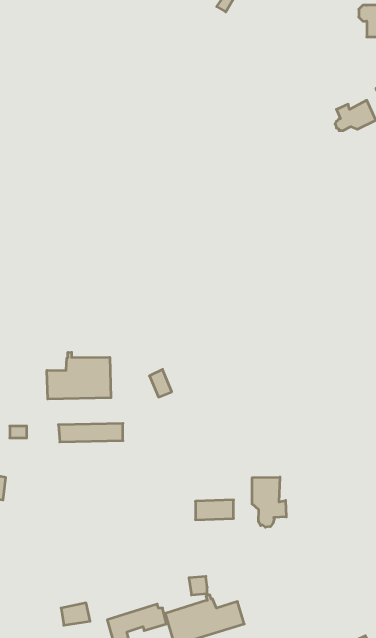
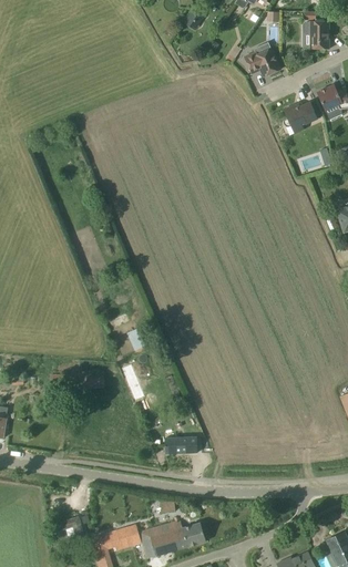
building: none -> [244,42,280,76]
building: [47,352,111,399] -> none
building: [252,477,286,527] -> none

